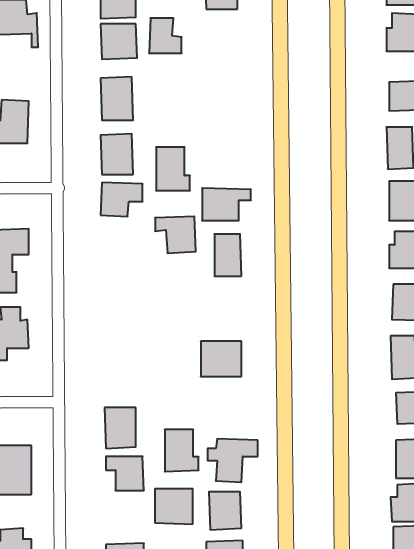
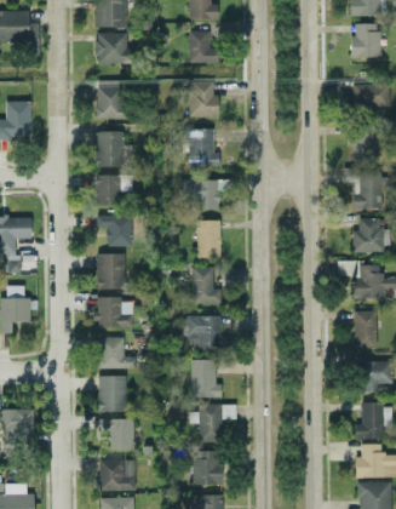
building: [149,18,182,53] -> [189,32,218,63]
building: none -> [189,82,217,118]
building: [156,147,190,191] -> [189,128,219,167]
building: [155,216,196,253] -> [97,215,133,247]
building: none -> [98,253,126,288]
building: none -> [191,267,222,305]
building: none -> [96,297,133,327]
building: none -> [99,337,137,368]
building: [165,430,199,472] -> [191,360,222,398]
building: [155,489,193,524] -> [102,459,136,491]

